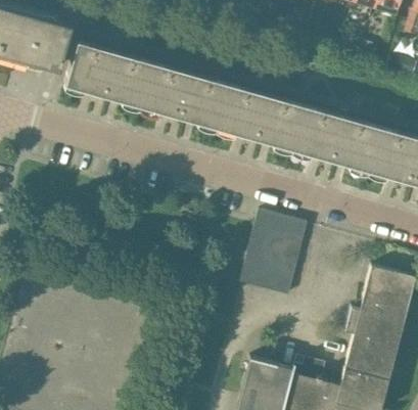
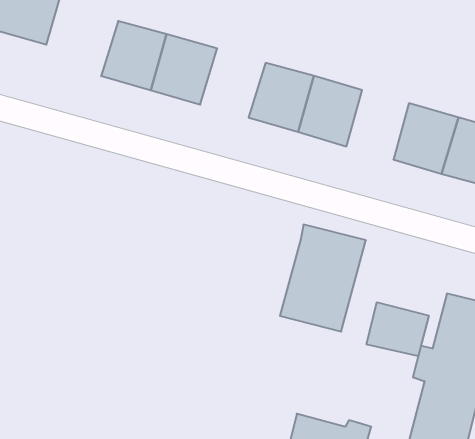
building: [63,42,112,95] -> none
building: [177,74,228,128] -> none
building: [291,106,340,161] -> none
building: none -> [367,302,429,356]

